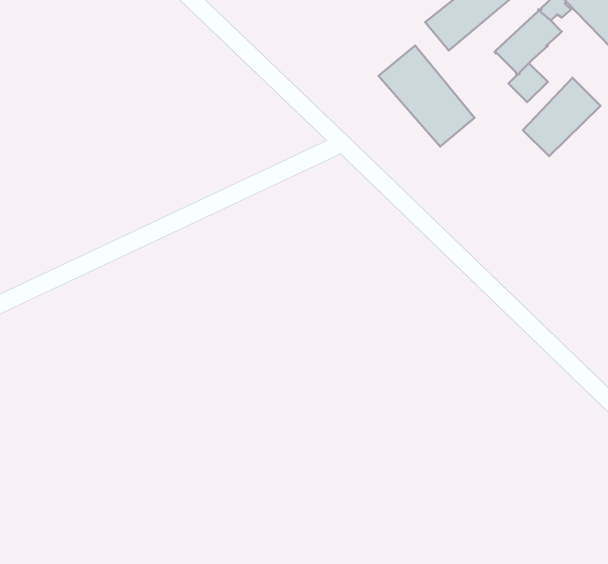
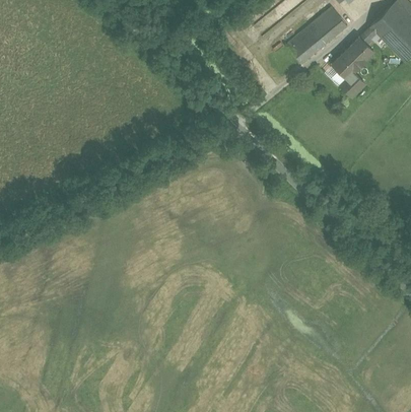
building: [379,45,475,147] -> none
building: [523,78,601,156] -> none

